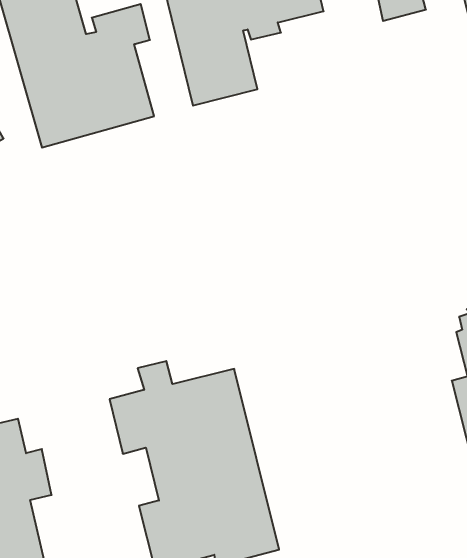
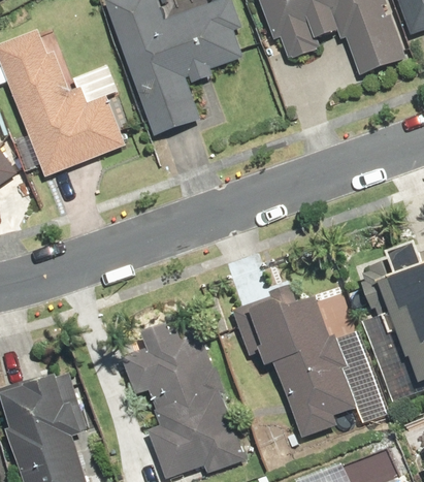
building: none -> [234,283,357,436]

